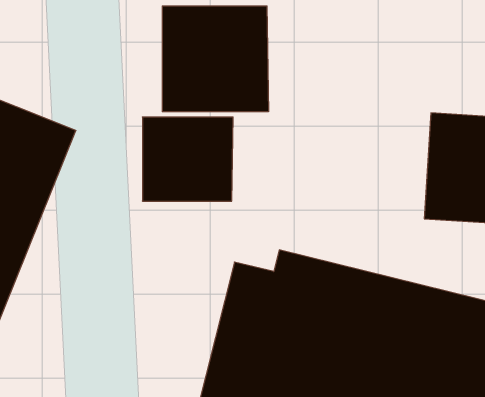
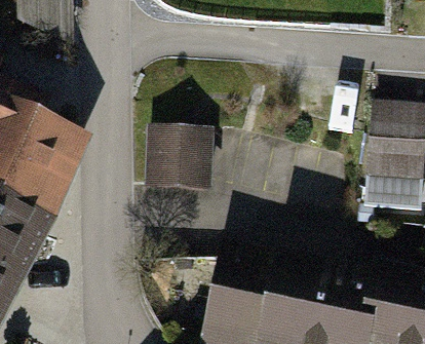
building: [162,6,268,112] -> none

